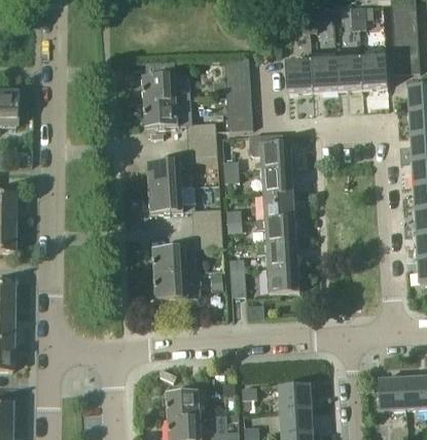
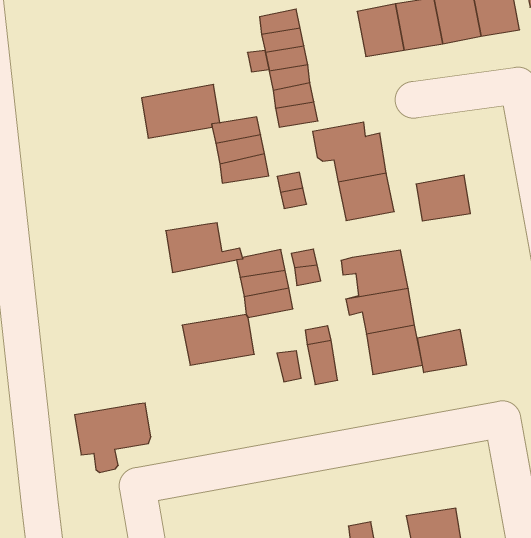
building: [142,74,190,102] -> none
building: [147,161,191,188] -> none
building: [263,193,295,218] -> [416,175,470,221]
building: none -> [417,329,466,373]
building: [154,272,201,312] -> [75,403,151,472]

